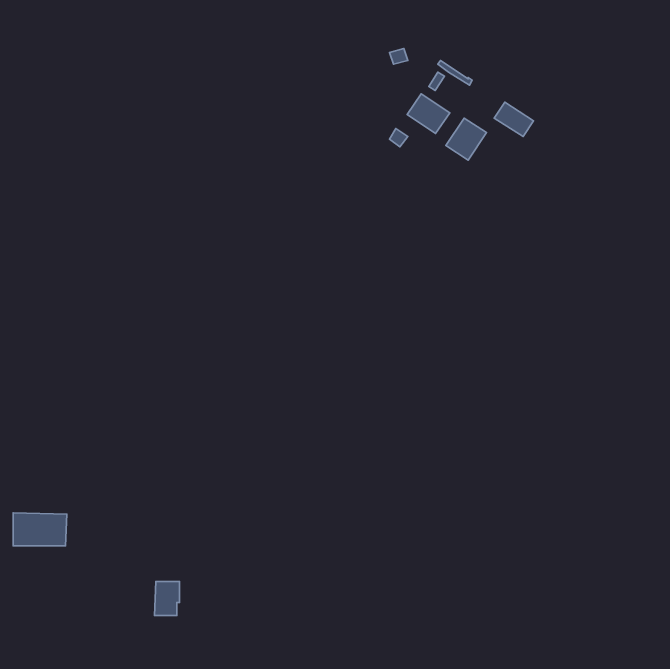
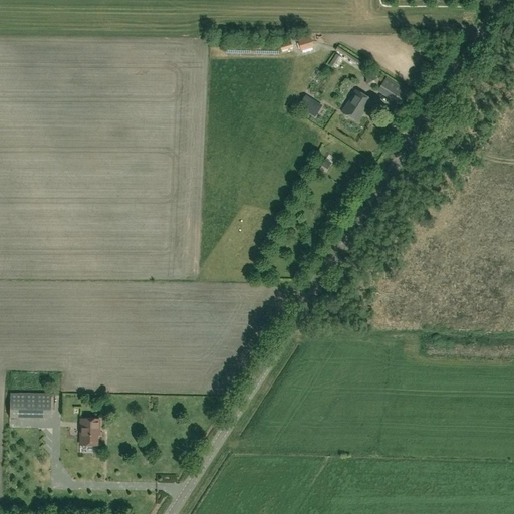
building: [407,94,450,134] -> none
building: [155,581,179,616] -> [80,419,99,445]

